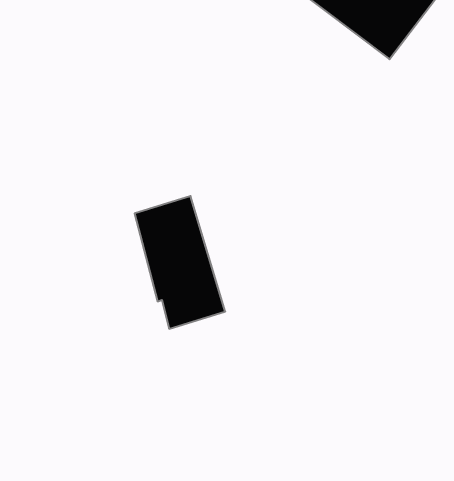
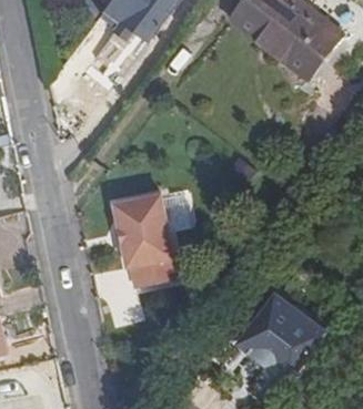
building: none -> [236,294,326,384]

